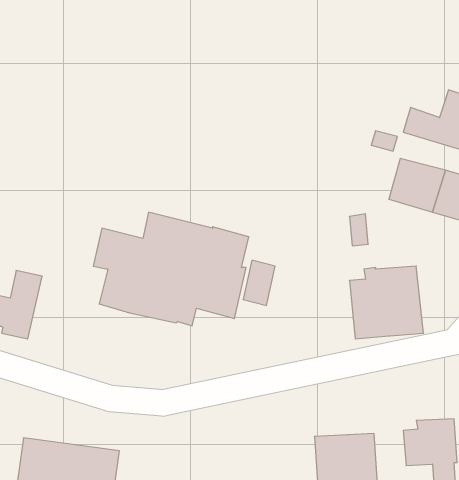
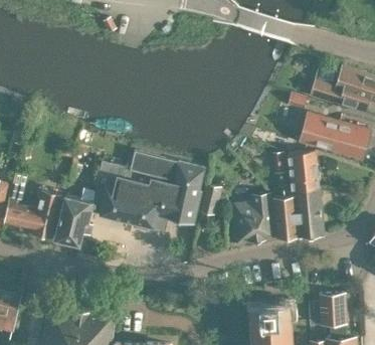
building: none -> [288,144,319,190]
building: none -> [54,188,106,245]
building: none -> [232,193,274,244]

